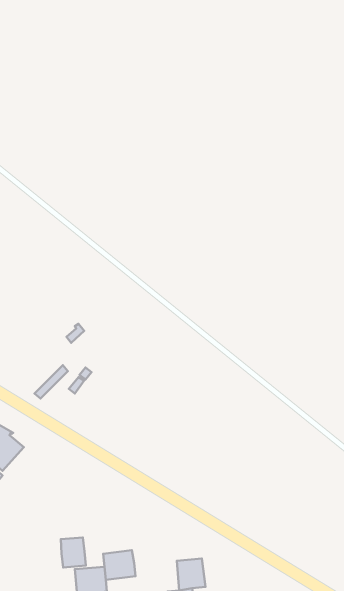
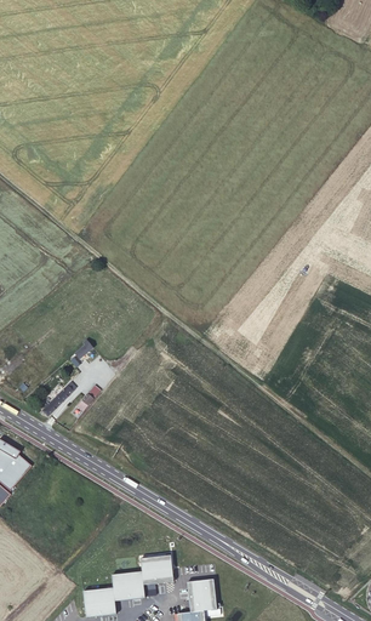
building: none -> [141,554,173,583]
building: [61,537,86,567] -> none

